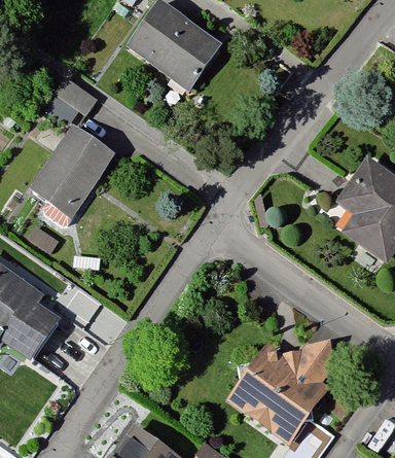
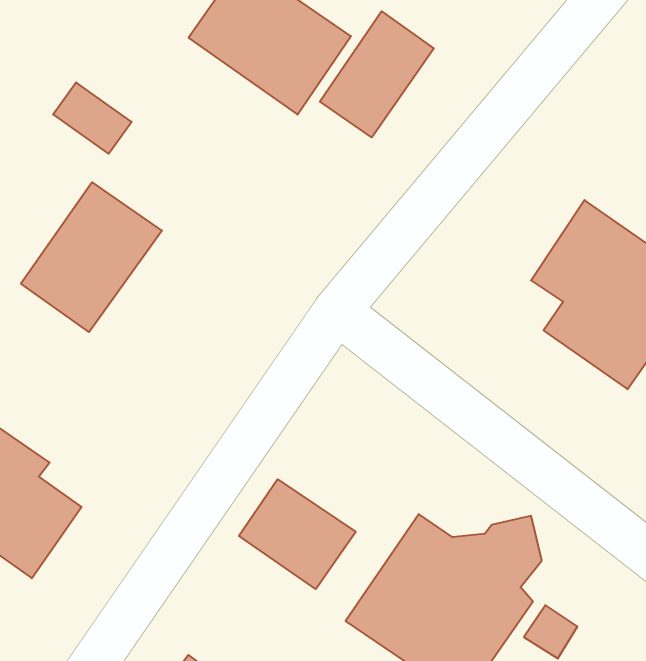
building: none -> [320,11,434,137]
building: none -> [239,479,356,589]

